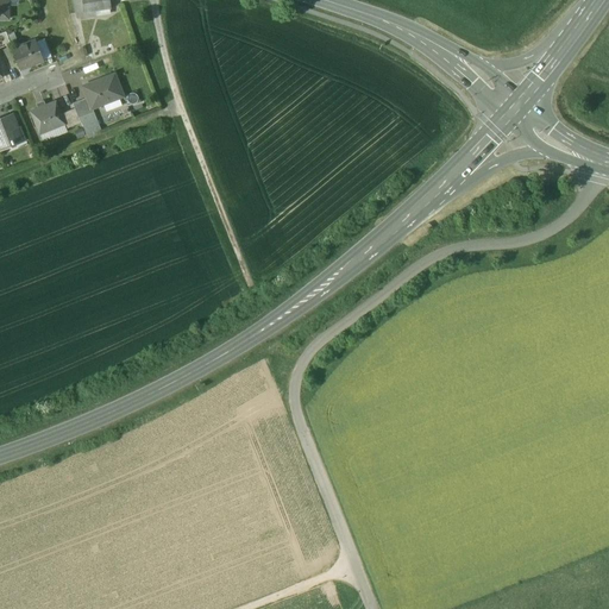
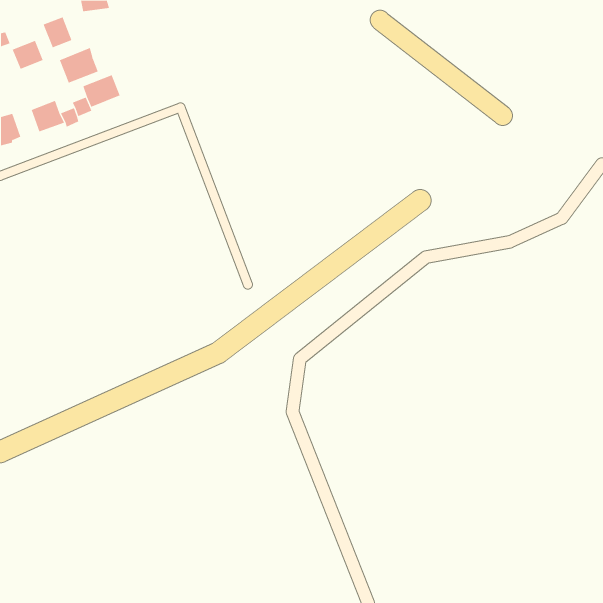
building: none -> [43,17,72,48]
building: none -> [59,47,99,83]

